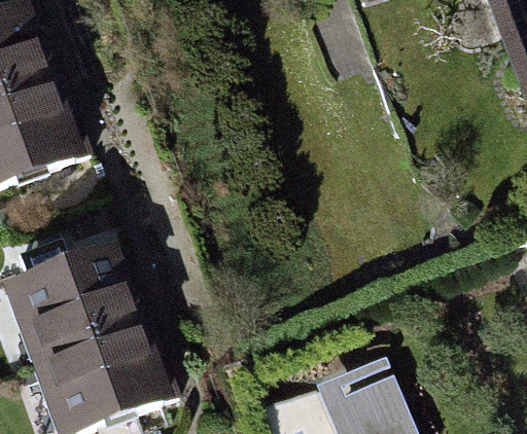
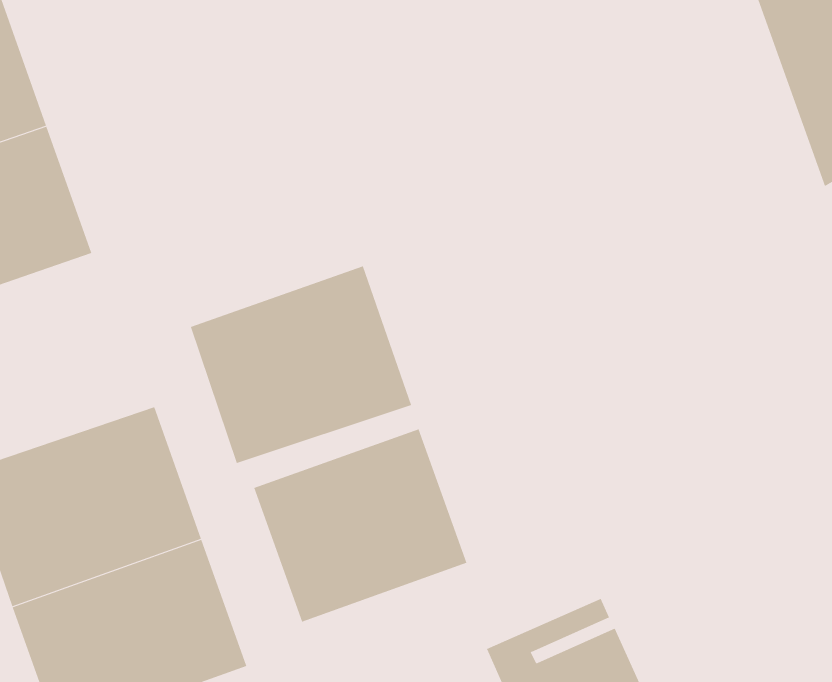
building: none -> [190,265,412,464]
building: none -> [253,428,467,622]

